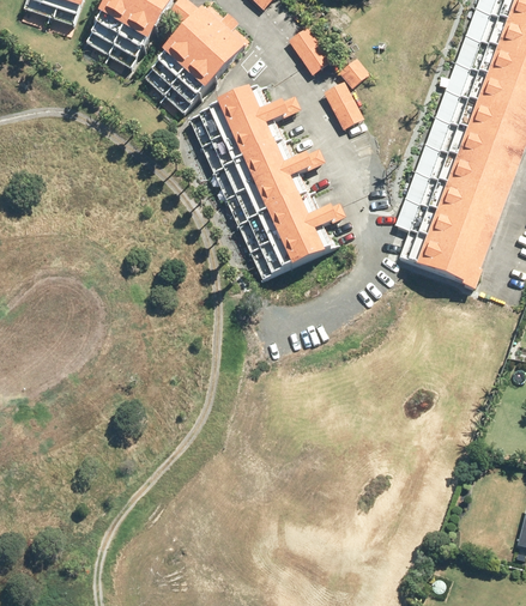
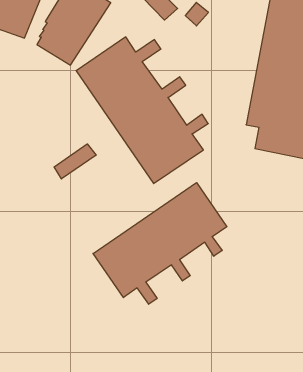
building: [324,81,363,128] -> none
building: none -> [54,144,96,179]
building: none -> [93,183,227,304]

